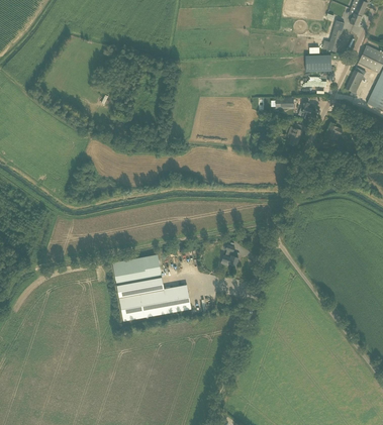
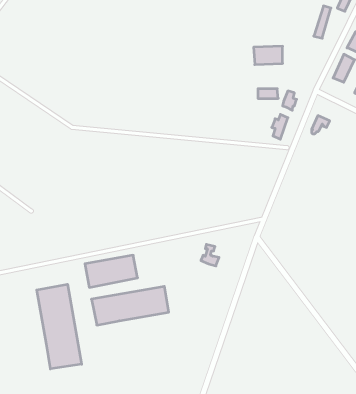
building: [305,54,332,71] -> [254,46,283,65]
building: none -> [37,284,82,369]

